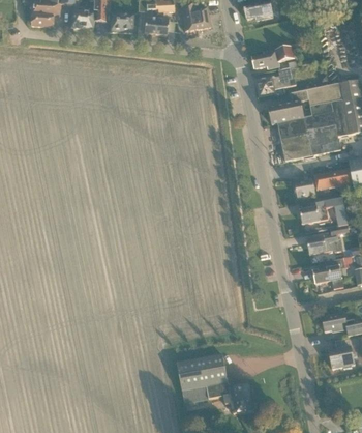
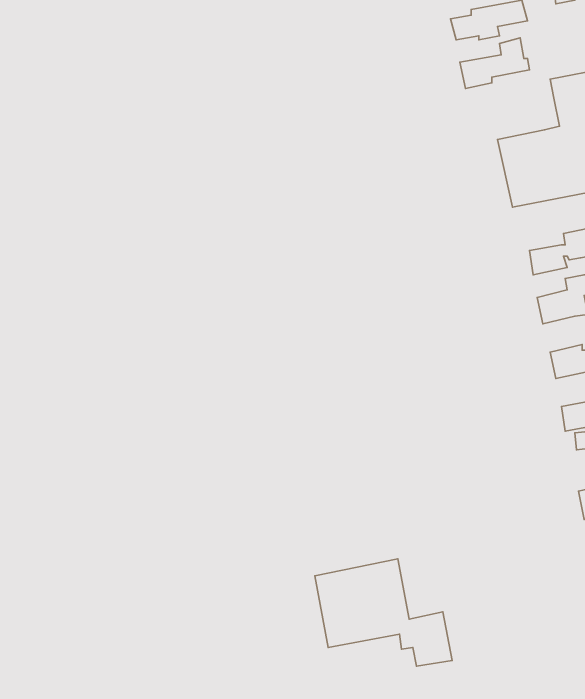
building: [269,90,309,124] -> none

